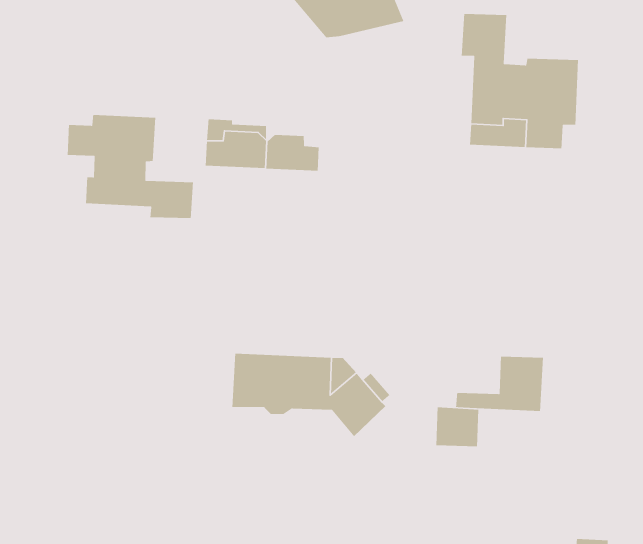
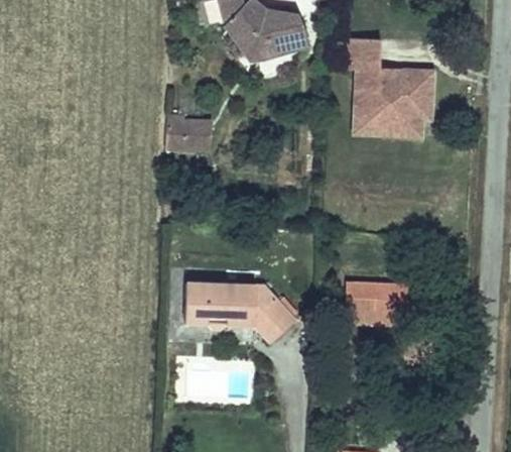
building: [67,114,194,219] -> none
building: [266,134,320,172] -> none
building: [436,406,479,447] -> [346,282,377,312]

